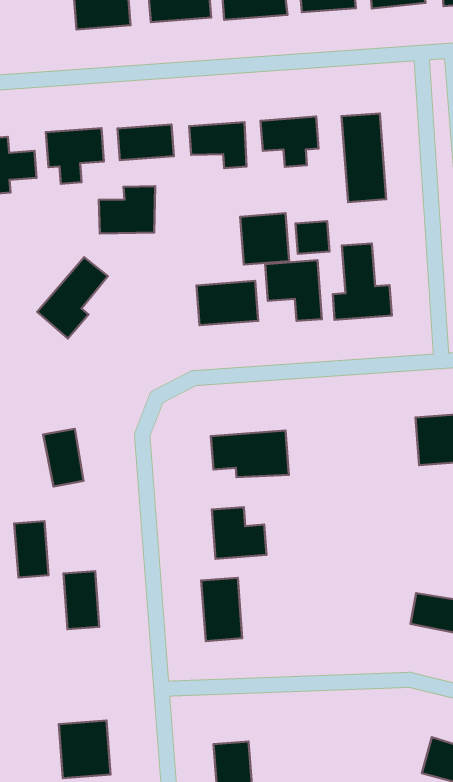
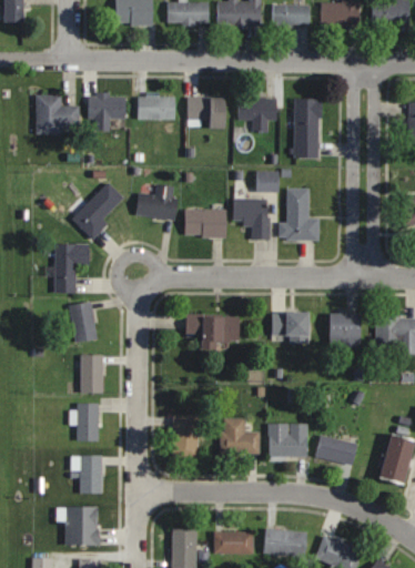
building: [99,186,155,233] -> [136,185,178,219]
building: [240,213,289,264] -> none
building: none -> [54,244,89,292]
building: none -> [272,311,310,342]
building: [212,507,266,559] -> [222,418,257,453]
building: [14,521,48,578] -> [81,354,102,392]
building: none -> [269,423,307,456]
building: none -> [80,455,102,494]
building: none -> [264,528,307,557]
building: none -> [214,530,254,552]

